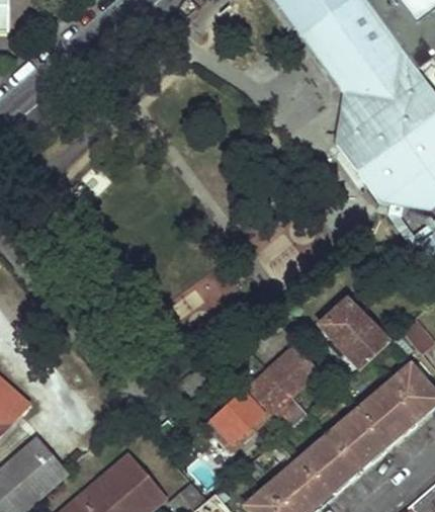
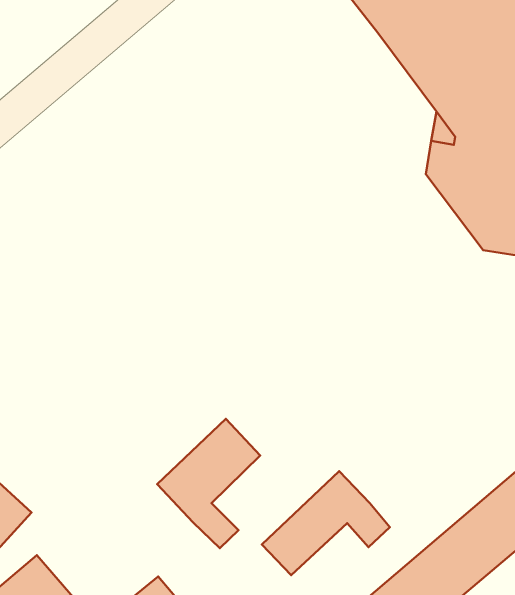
building: [320,297,390,365] -> none
building: none -> [157,419,260,548]
building: [268,345,320,396] -> none

